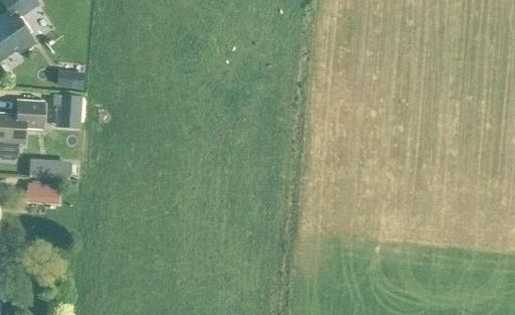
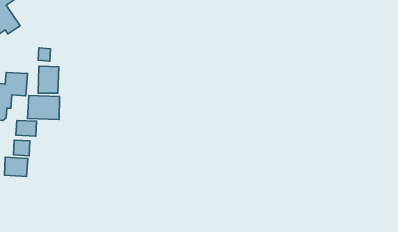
building: none -> [27,95,60,119]
building: none -> [5,157,28,176]

